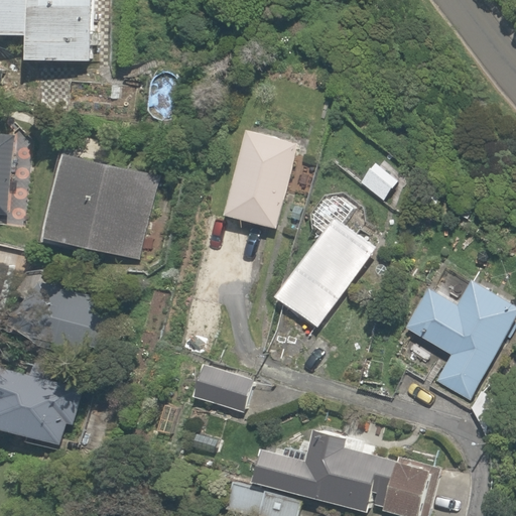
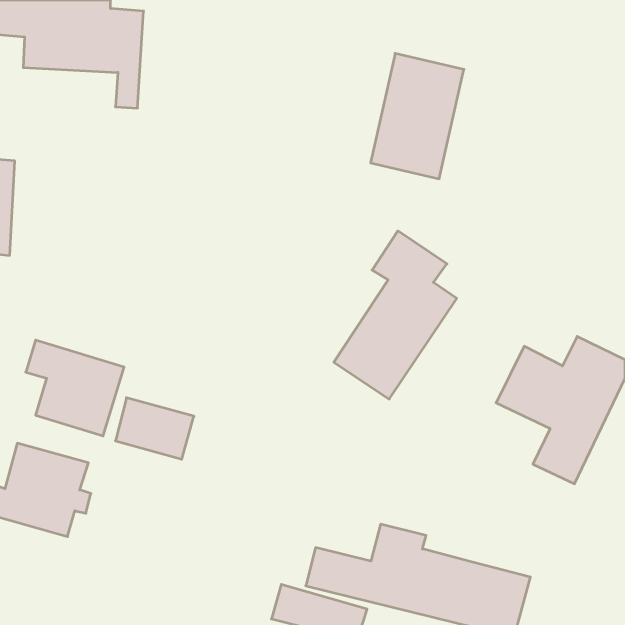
building: [220,127,296,230] -> [371,53,464,179]
building: [35,152,160,261] -> none
building: [187,362,252,412] -> [115,398,194,459]

